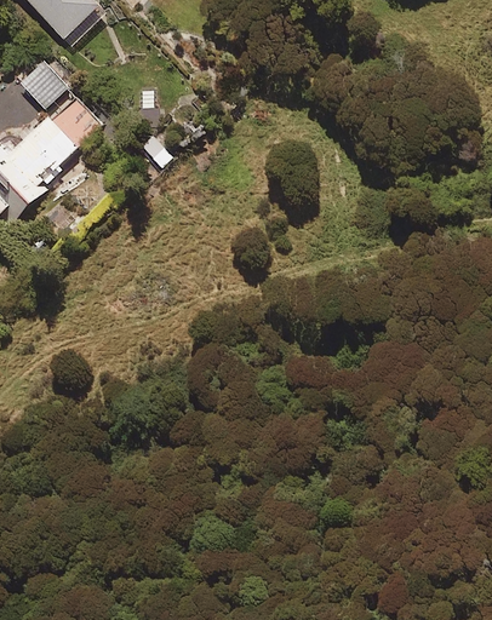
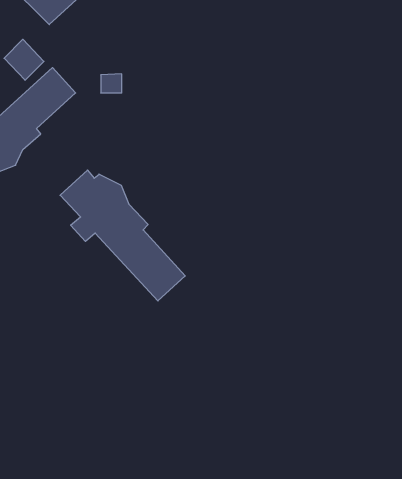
building: none -> [60,170,185,301]

